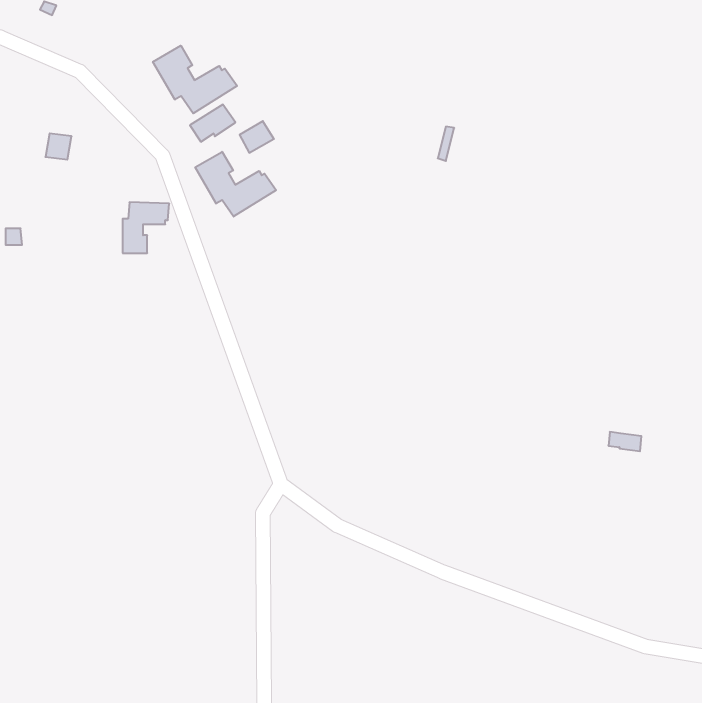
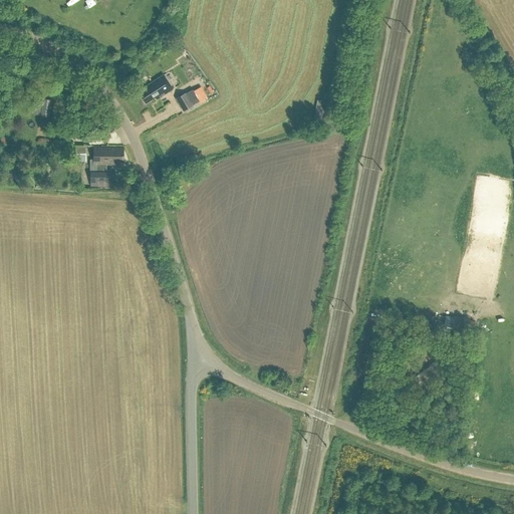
building: [153,46,237,113] -> none
building: [195,152,276,217] -> none

